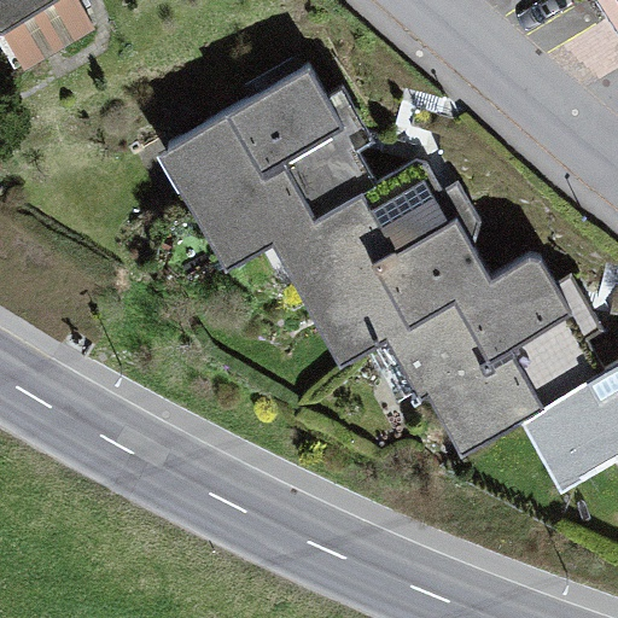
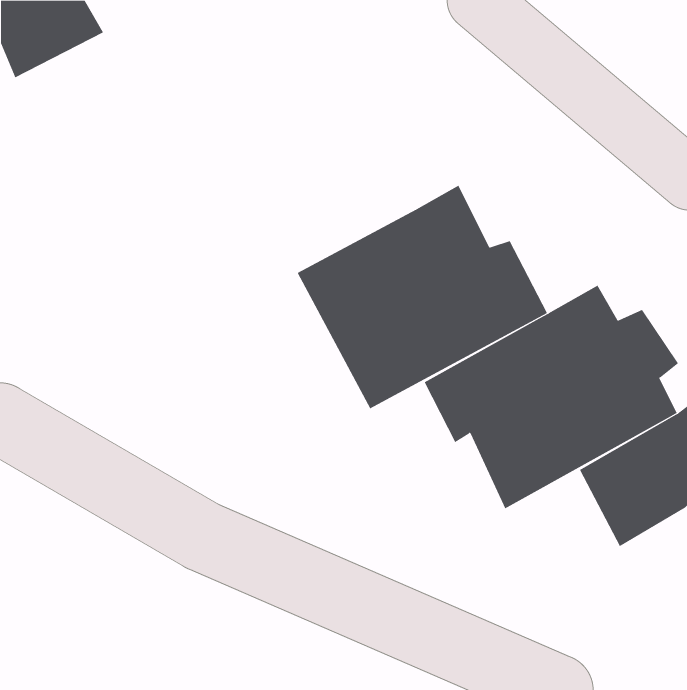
building: [161,66,377,270] -> none

